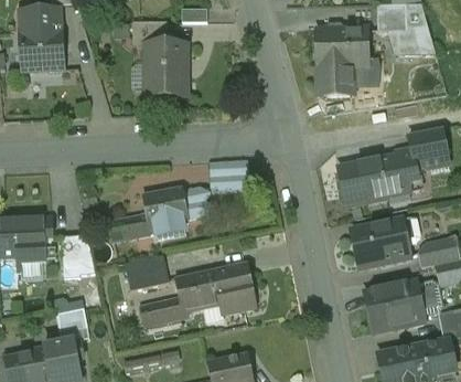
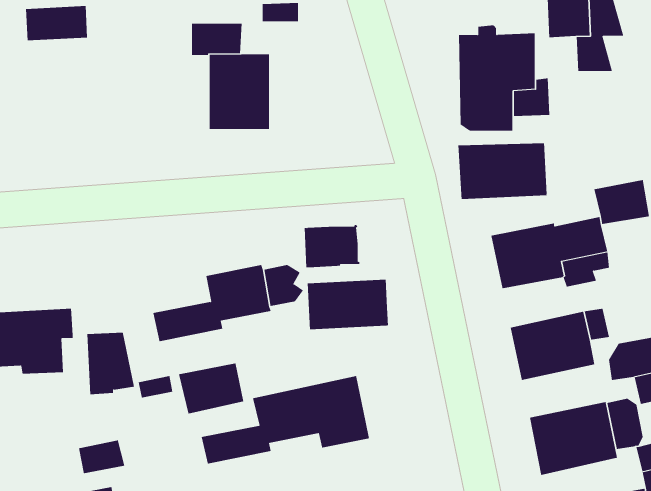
building: [19,31,65,71] -> none
building: none -> [458,143,547,200]
building: none -> [307,279,389,330]

